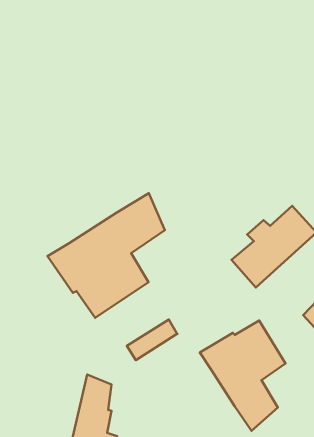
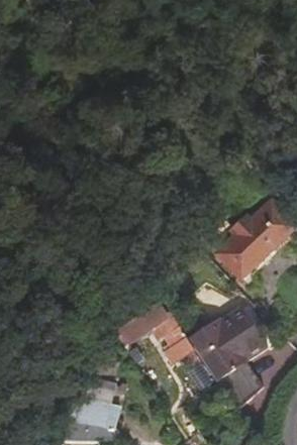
building: [48,193,165,318] -> none
building: none -> [165,315,199,366]

